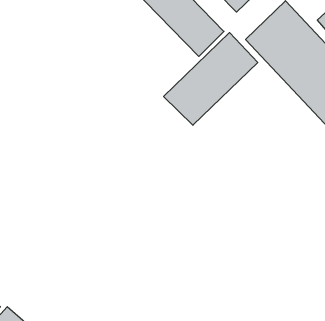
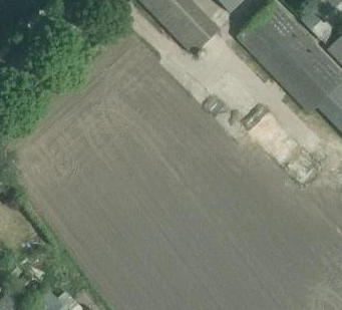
building: [164,33,258,125] -> none

